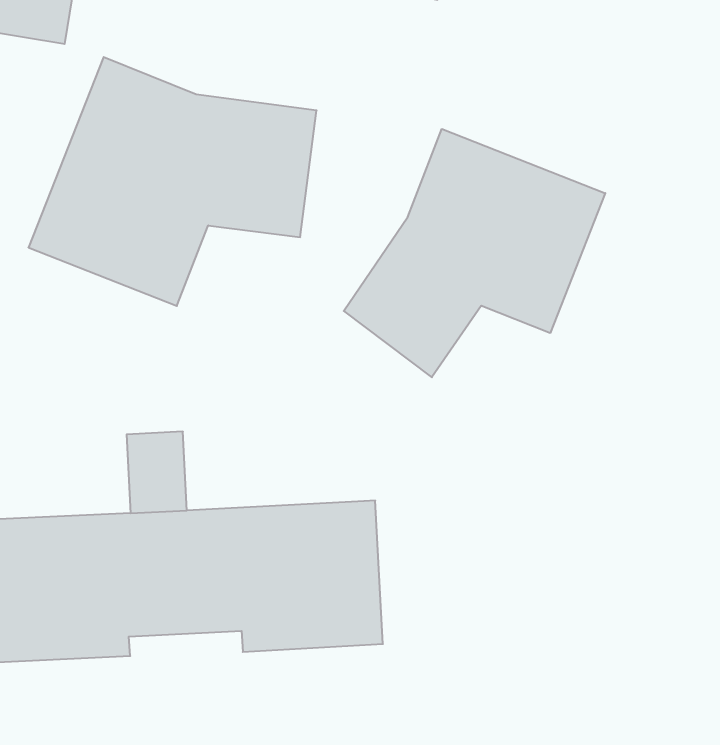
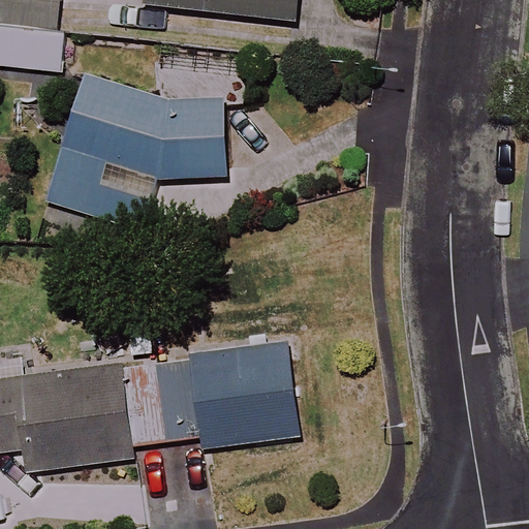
building: [344,129,605,377] -> none

